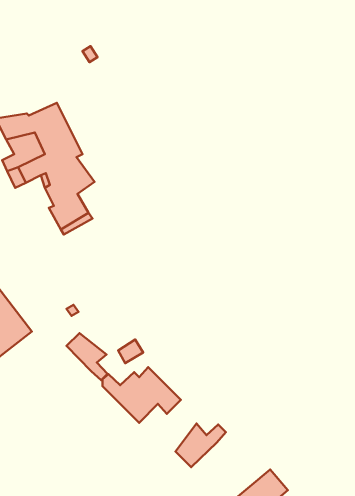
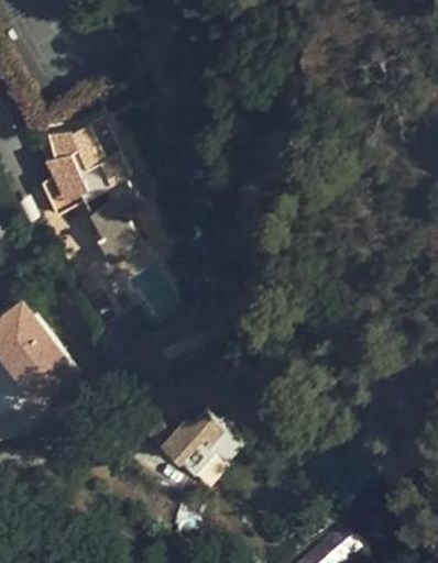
building: [67,333,108,380] -> none
building: [176,423,226,467] -> none

